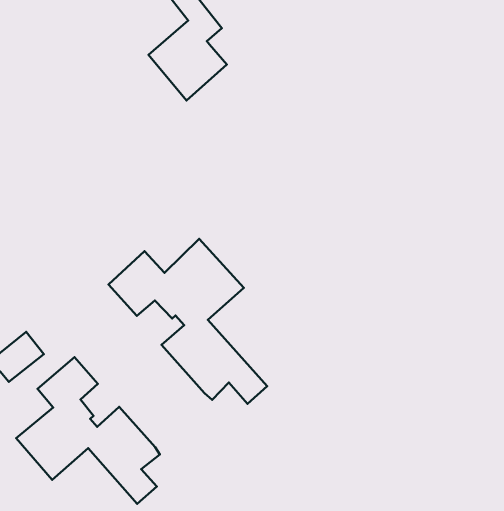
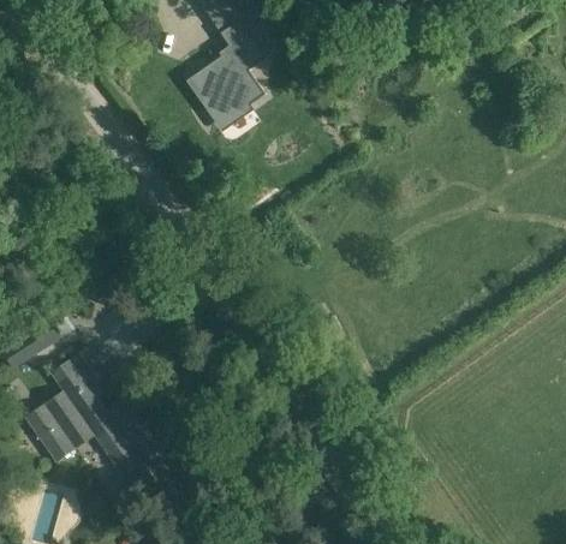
building: [108,239,267,404] -> none

